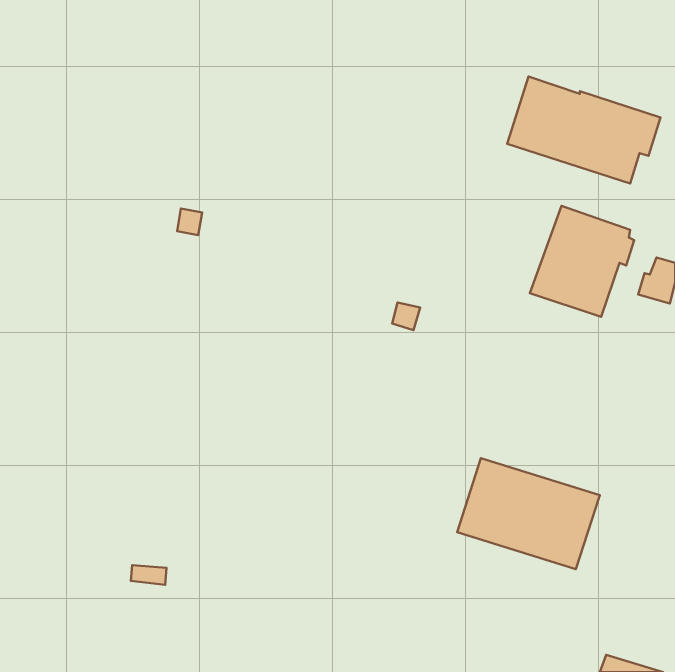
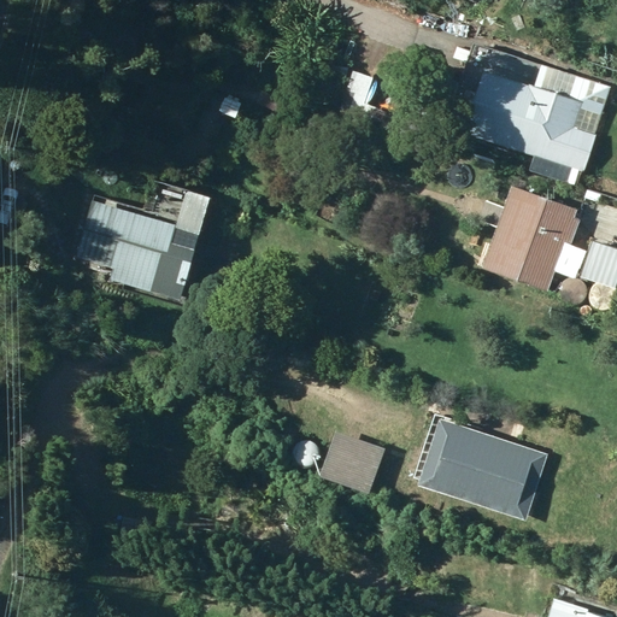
building: none -> [75,201,194,301]
building: none -> [321,430,384,493]

